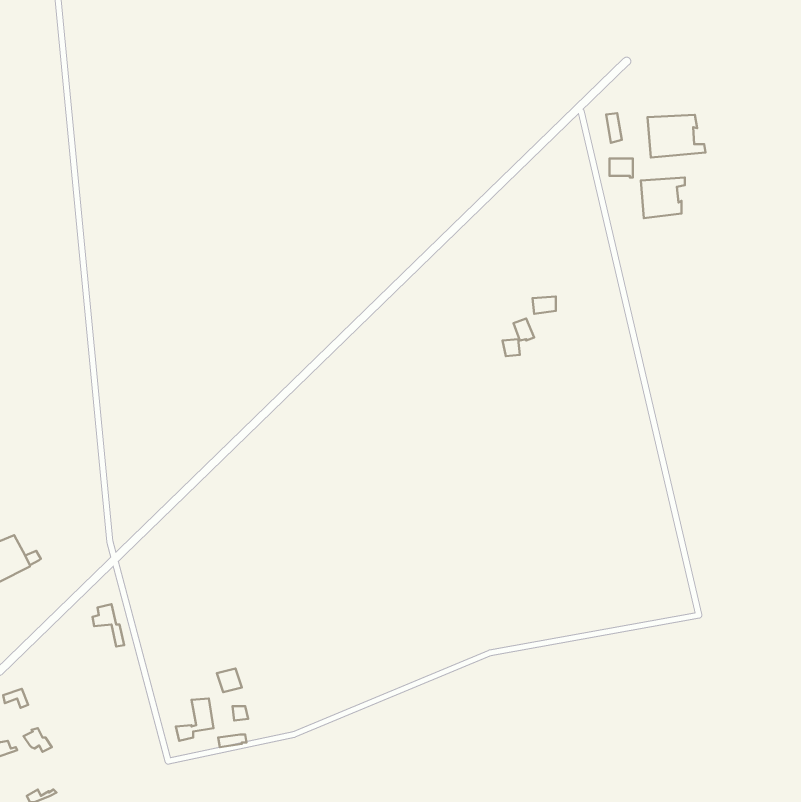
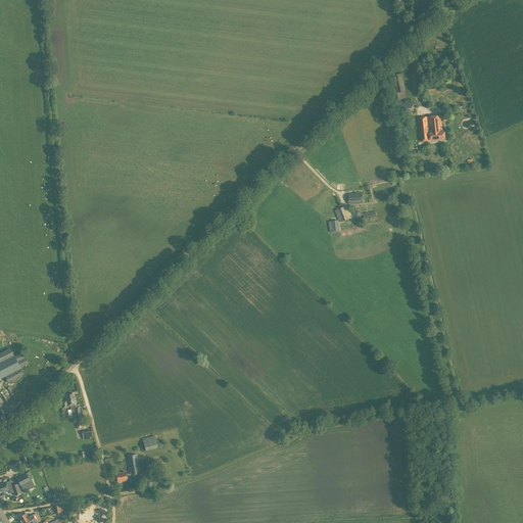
building: [648,115,706,158] -> none

